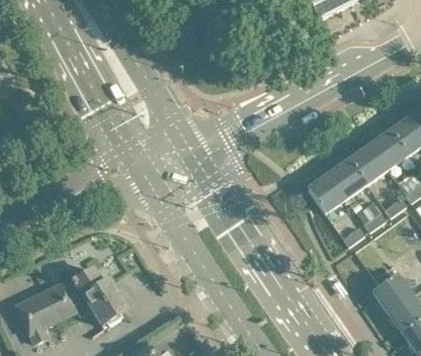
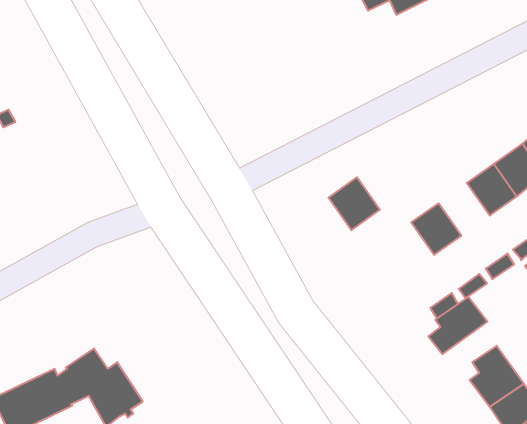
building: [349,145,388,184] -> none
building: [308,174,346,213] -> [328,177,380,230]
building: none -> [428,297,488,354]

